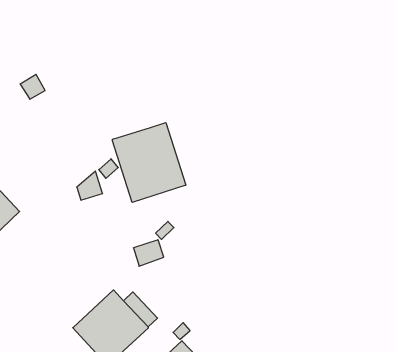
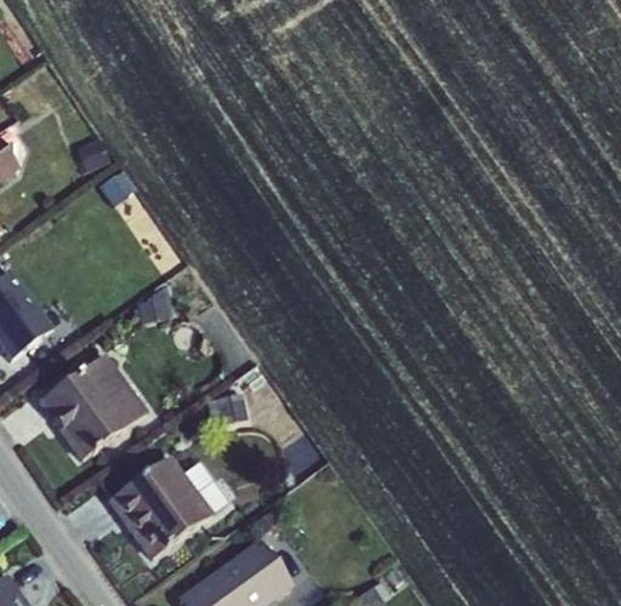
building: [112,123,186,202] -> none
building: none -> [38,353,147,459]

